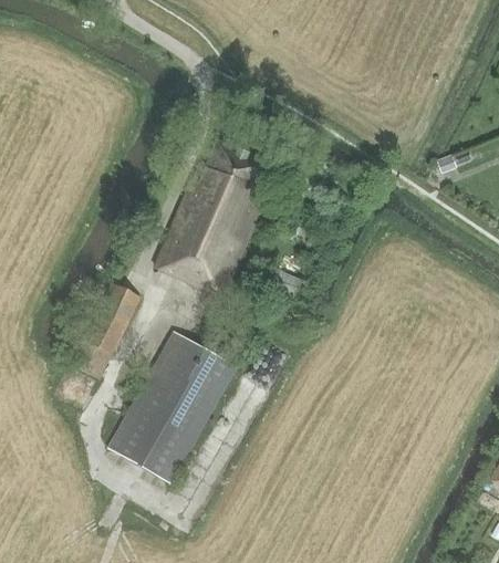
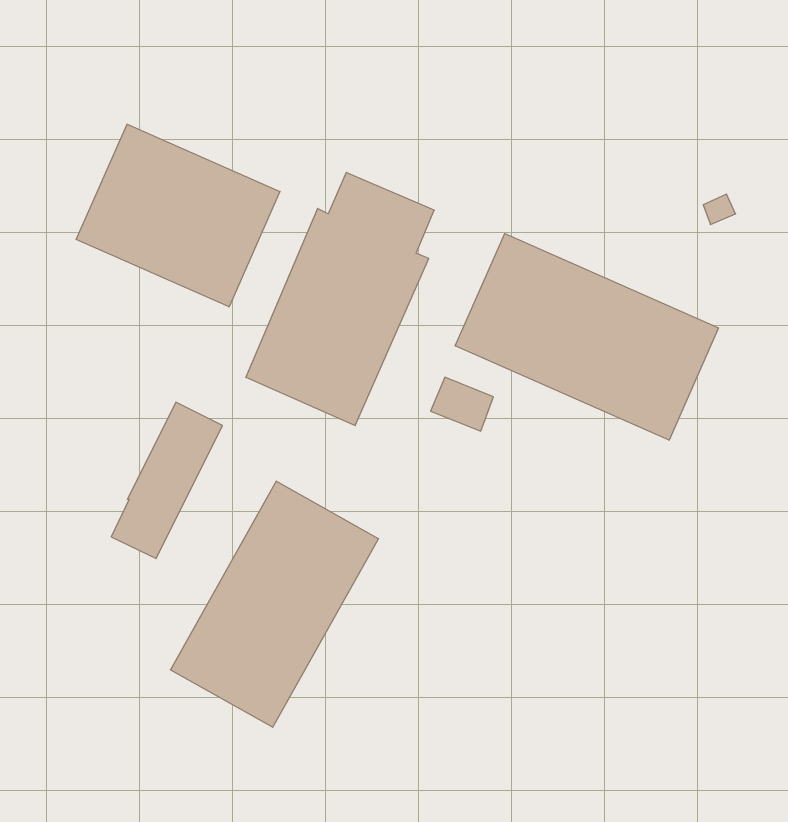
building: none -> [76,124,280,307]
building: none -> [455,234,719,440]

